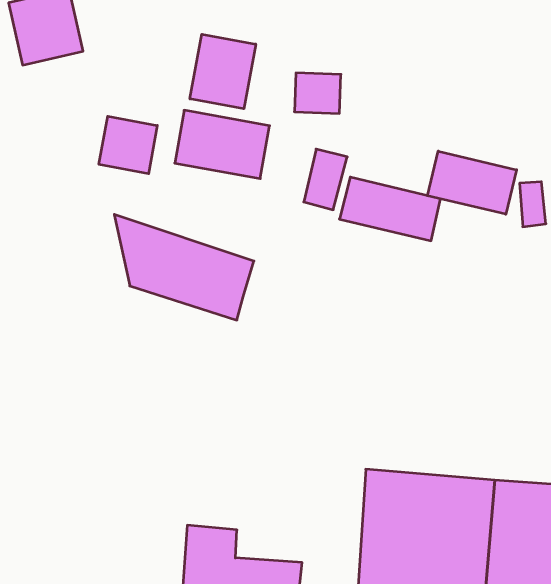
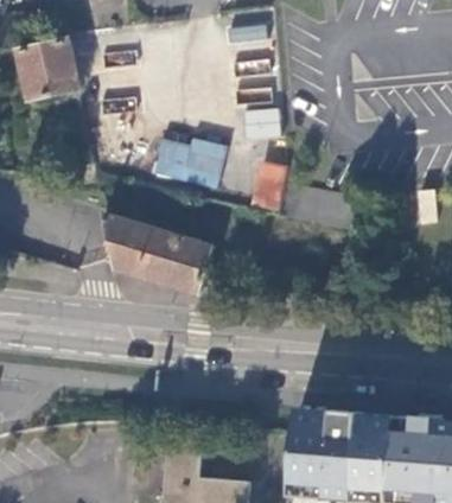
building: [190,34,256,109] -> none
building: [99,116,157,174] -> none
building: [427,151,517,214] -> none

